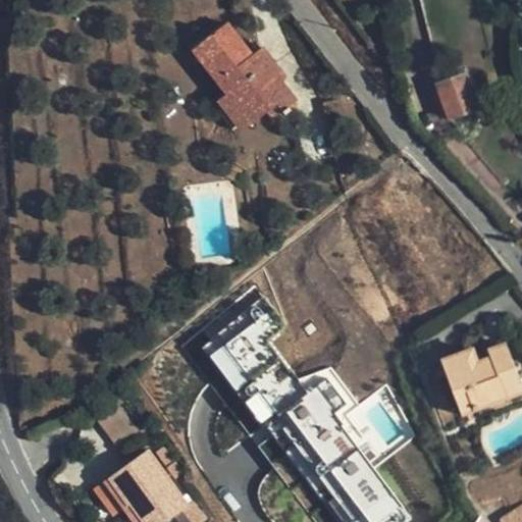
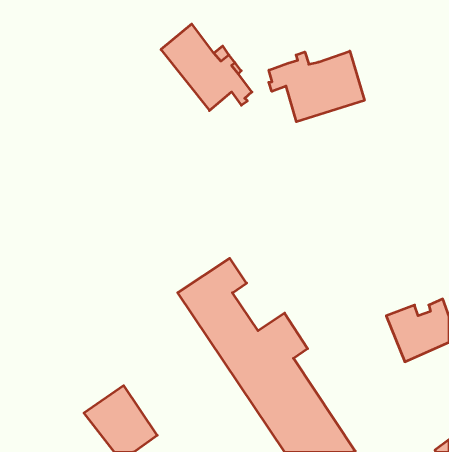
building: none -> [269,51,364,122]
building: [434,74,478,122] -> none

